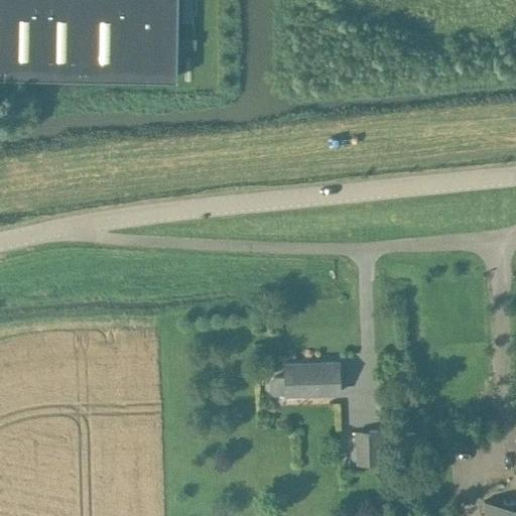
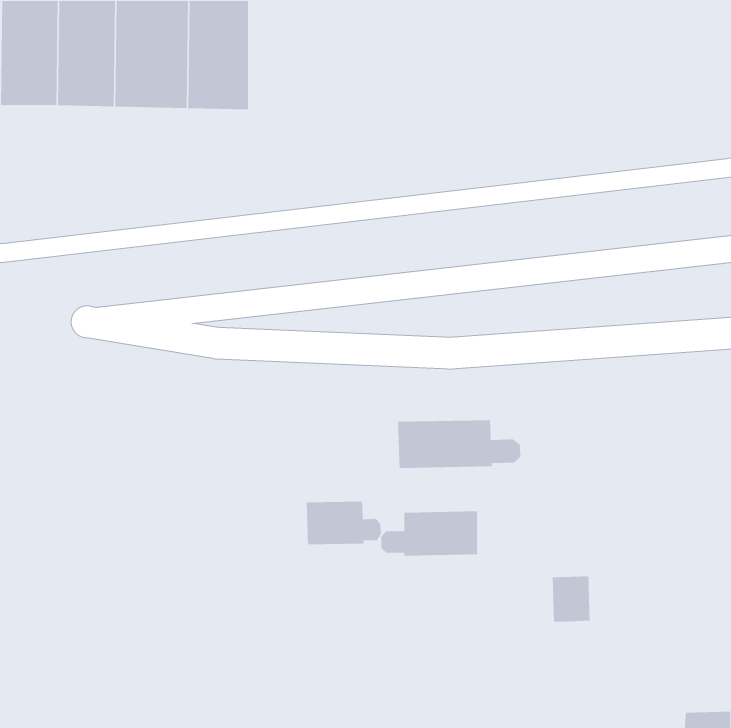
building: none -> [397,419,521,469]
building: none -> [306,501,382,545]
building: [355,432,382,466] -> [552,575,591,623]

